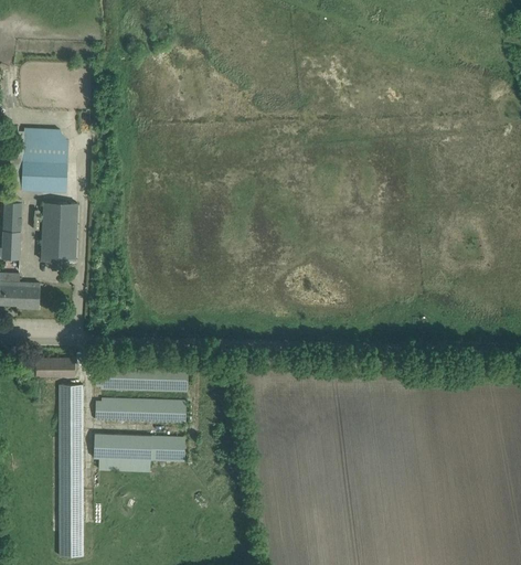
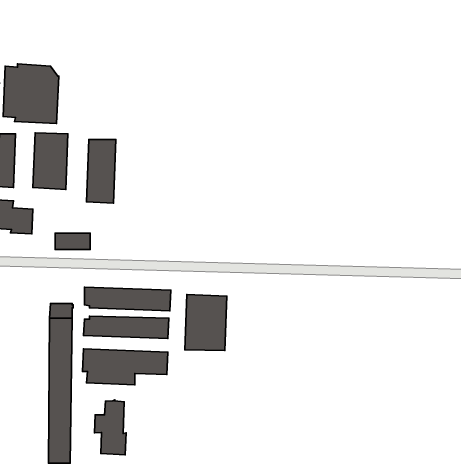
building: none -> [86,140,116,203]
building: [38,359,75,376] -> [55,233,90,250]
building: none -> [185,295,227,350]
building: none -> [94,400,126,455]

